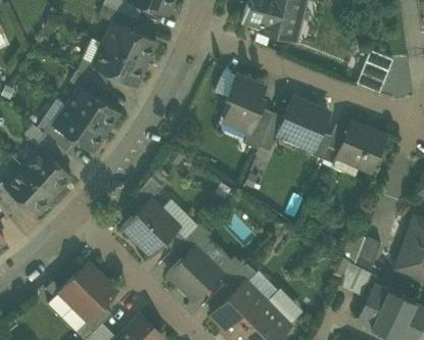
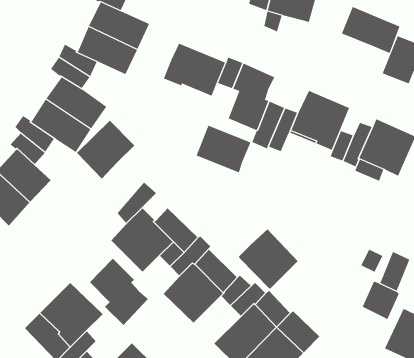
building: none -> [341,6,400,54]
building: none -> [163,43,226,96]
building: none -> [76,120,135,180]
building: none -> [196,125,252,173]
building: none -> [238,229,299,290]
building: none -> [89,258,149,326]

